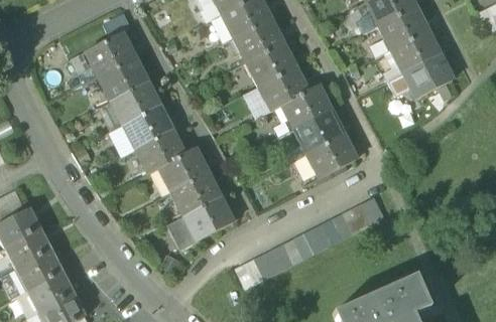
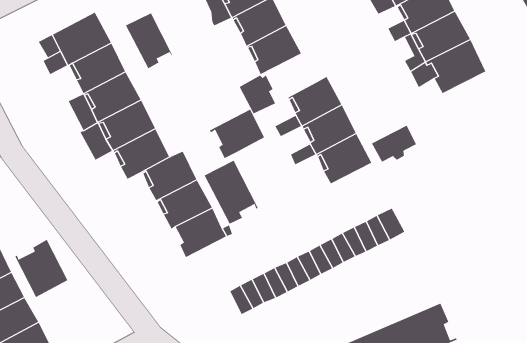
building: none -> [125,13,173,69]
building: [263,66,311,109] -> [209,109,265,159]
building: none -> [371,125,417,162]
building: none -> [204,160,258,225]
building: [171,213,200,248] -> none
building: none -> [14,239,68,298]

